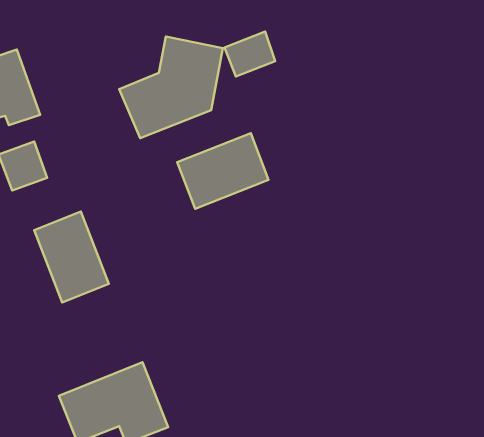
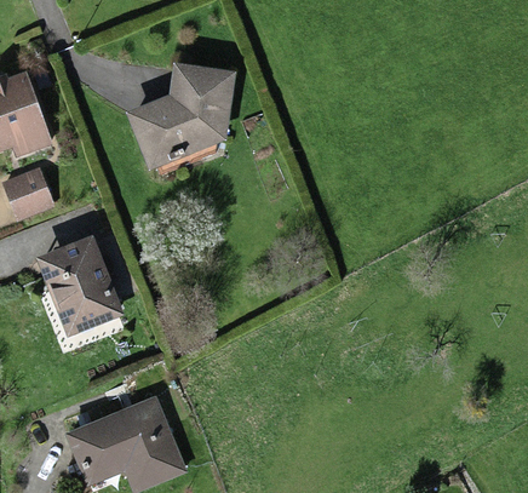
building: [225,32,275,76] -> none
building: [177,133,269,209] -> none

